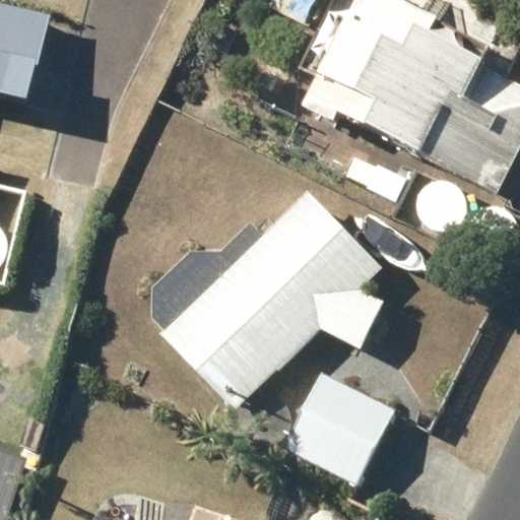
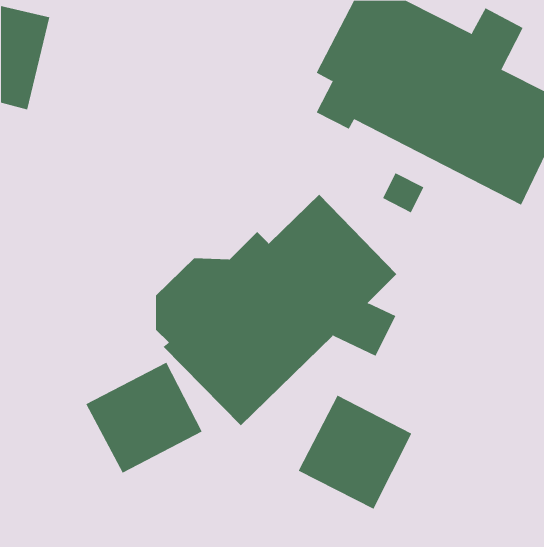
building: none -> [85,362,203,474]

